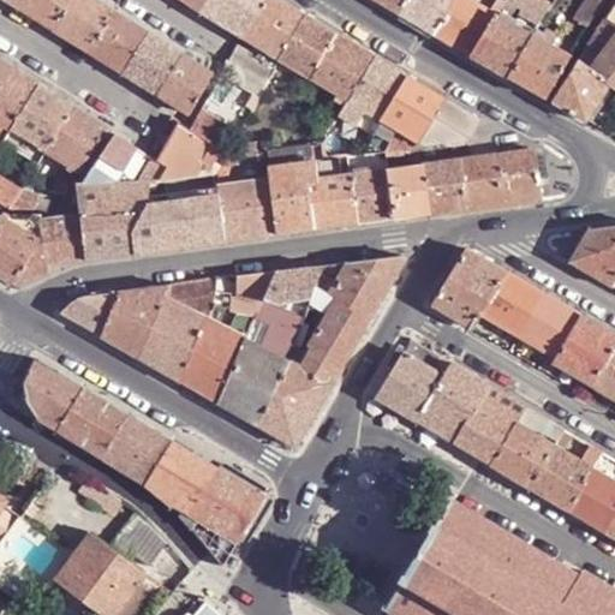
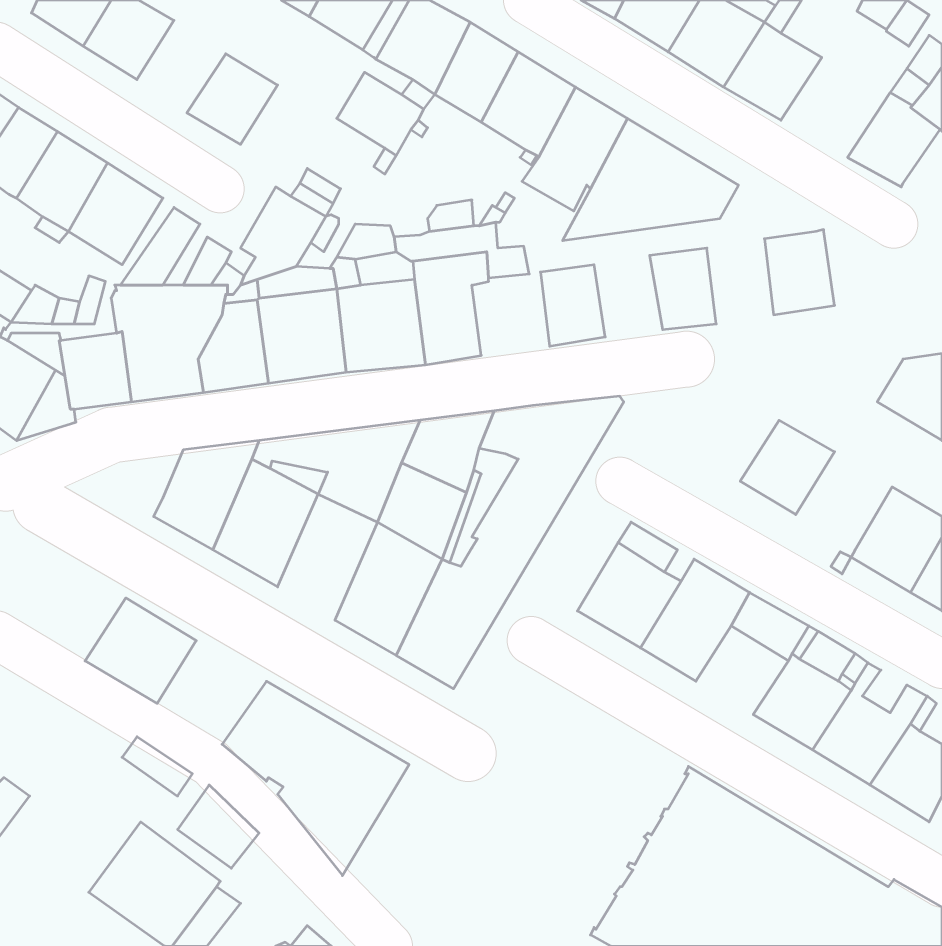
building: [89,13,147,73] -> none
building: [507,37,571,98] -> none
building: [156,55,211,114] -> none
building: [459,155,502,210] -> none
building: [386,166,430,219] -> none
building: [306,177,357,231] -> none
building: [431,247,506,328] -> none
building: [60,292,119,335] -> none
building: [517,293,579,357] -> none
building: [180,321,245,402] -> none
building: [22,359,82,429] -> none
building: [452,406,512,464] -> none
building: [102,416,173,483] -> none

